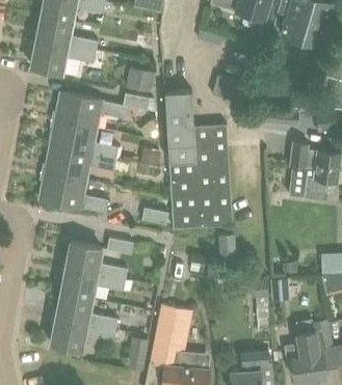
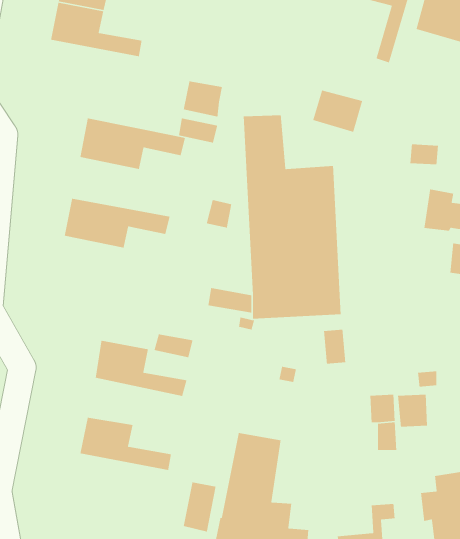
building: [30,42,96,74] -> none
building: [50,120,119,160] -> none
building: [38,173,108,214] -> none
building: [60,269,125,300] -> none
building: [50,320,115,352] -> none

